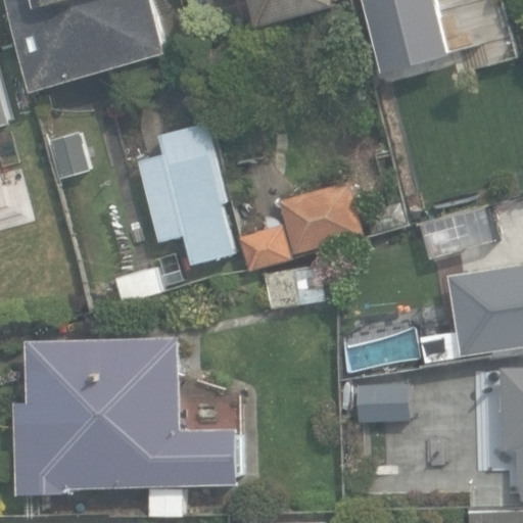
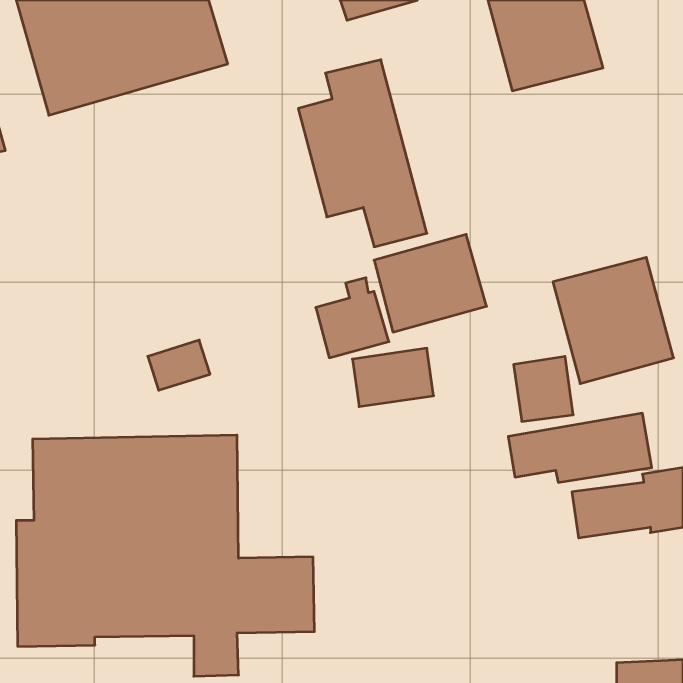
building: [136,122,233,263] -> [298,60,427,247]

